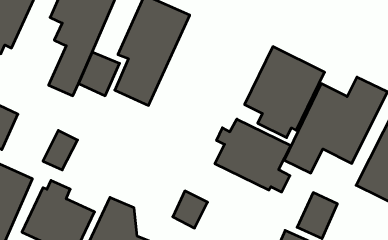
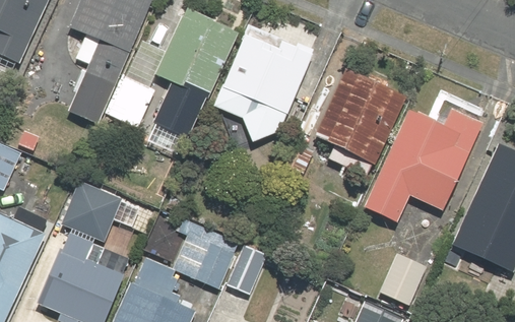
building: none -> [212,33,315,144]
building: [215,119,291,192] -> none
building: none -> [171,216,239,291]

